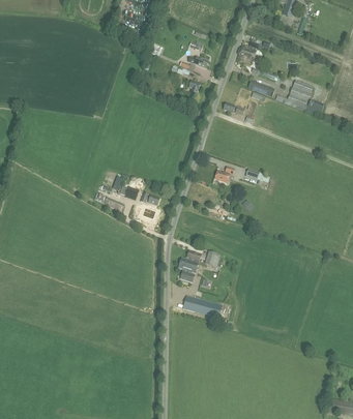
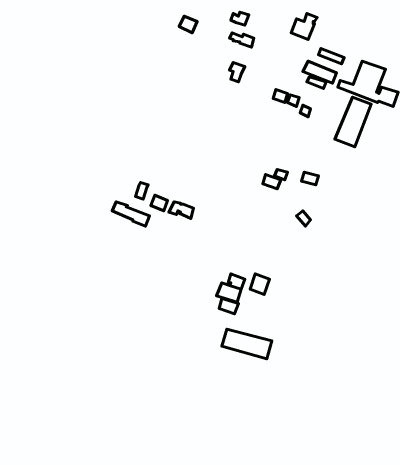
building: none -> [335,97,371,147]

